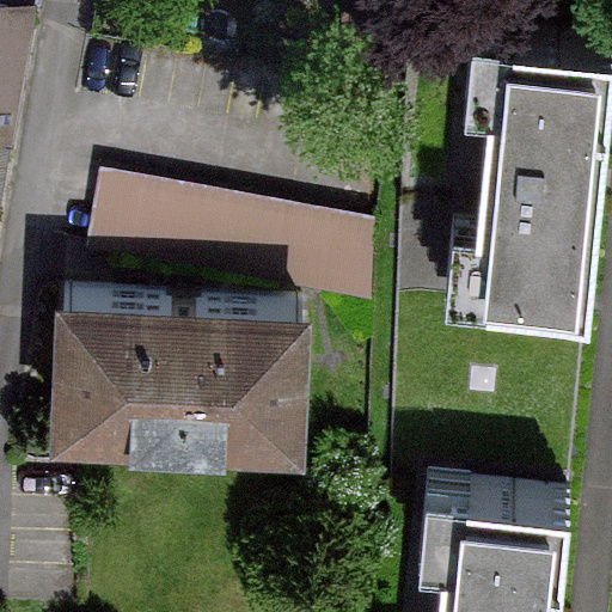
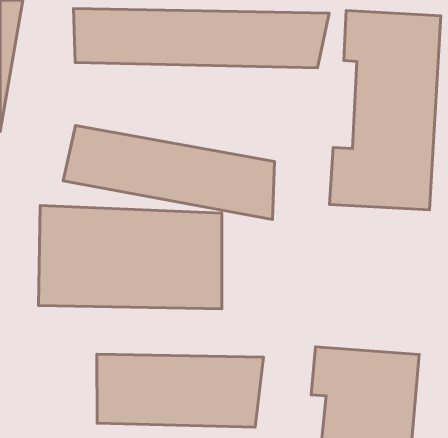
building: none -> [74,8,329,68]
building: none -> [97,354,263,427]

